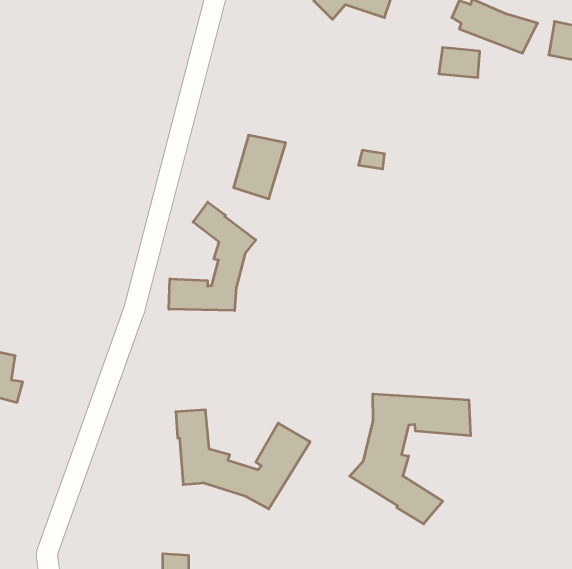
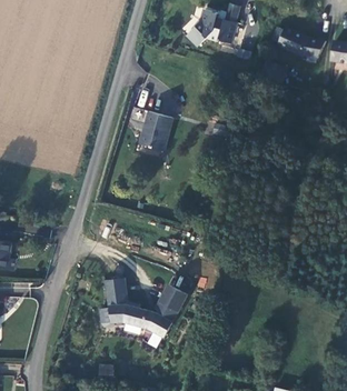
building: [169,202,256,311] -> none
building: [350,394,471,524] -> none

